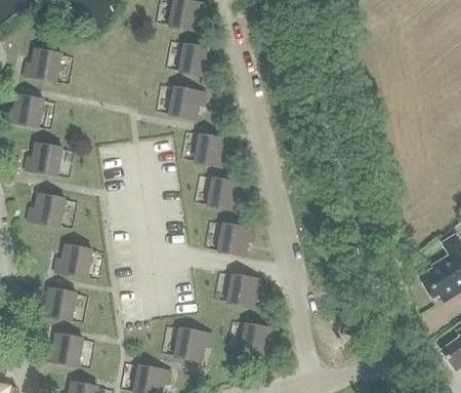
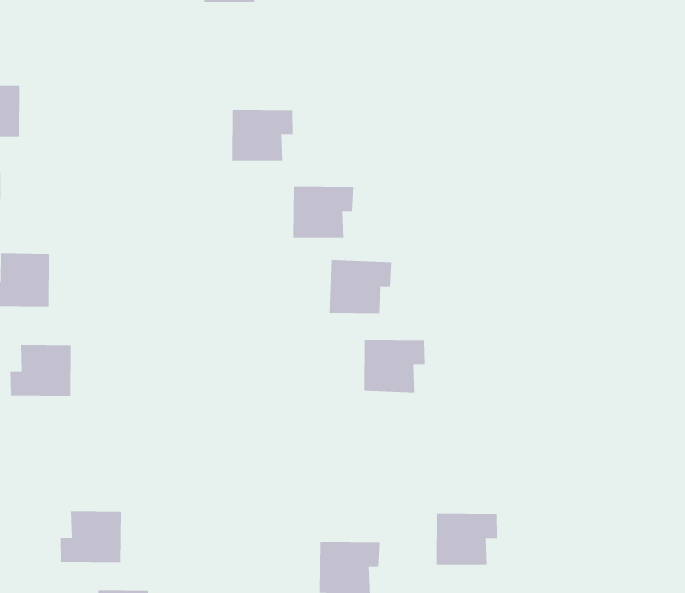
building: [178,43,216,76] -> none
building: [53,244,91,277] -> none
building: [226,274,264,307] -> none

